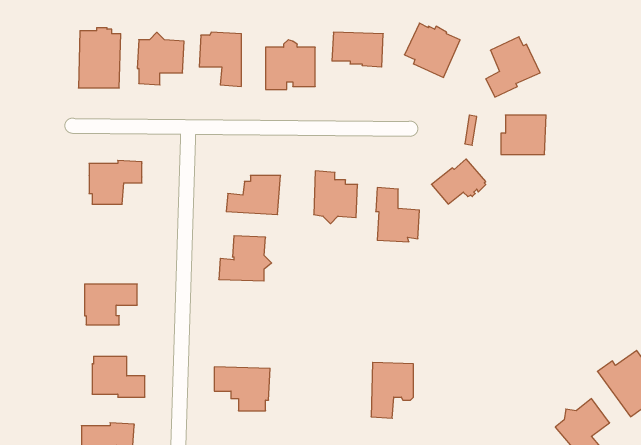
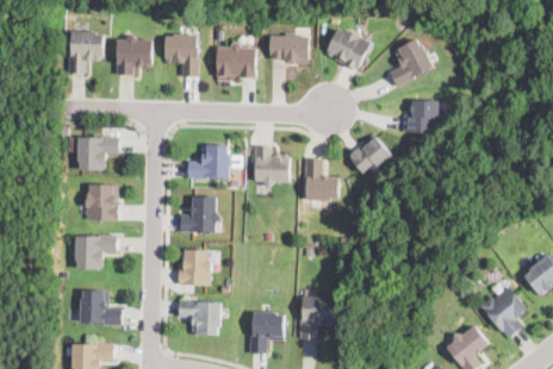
building: none -> [86,183,117,219]
building: none -> [178,249,210,283]
building: none -> [249,311,284,352]

